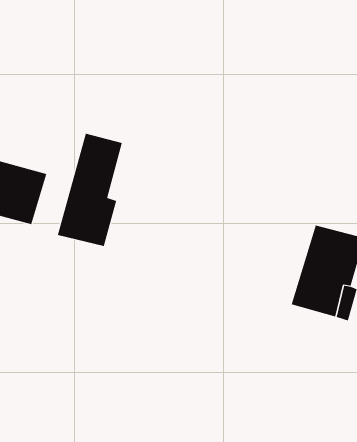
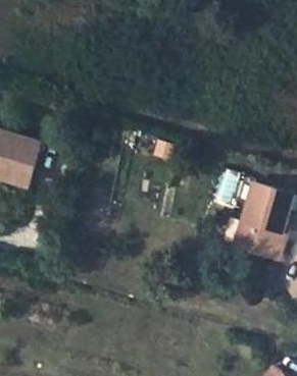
building: [57,133,123,247] -> none

